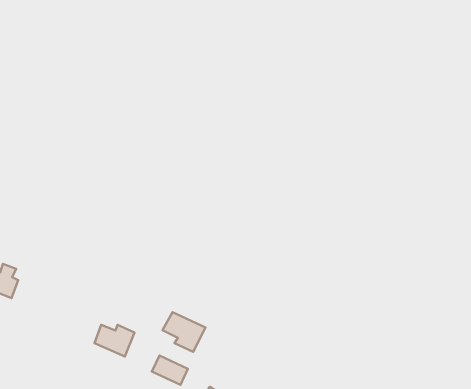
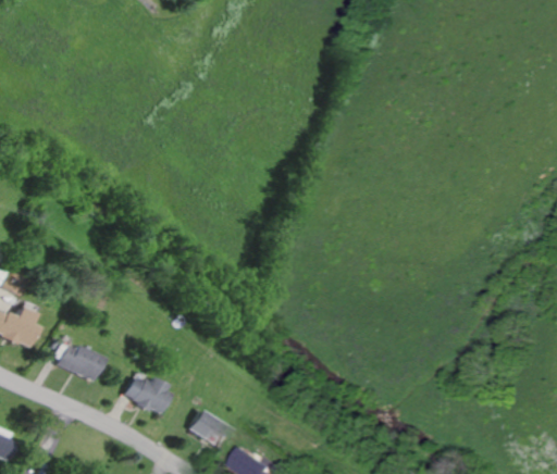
building: none -> [54,342,100,379]
building: [163,312,206,352] -> none

